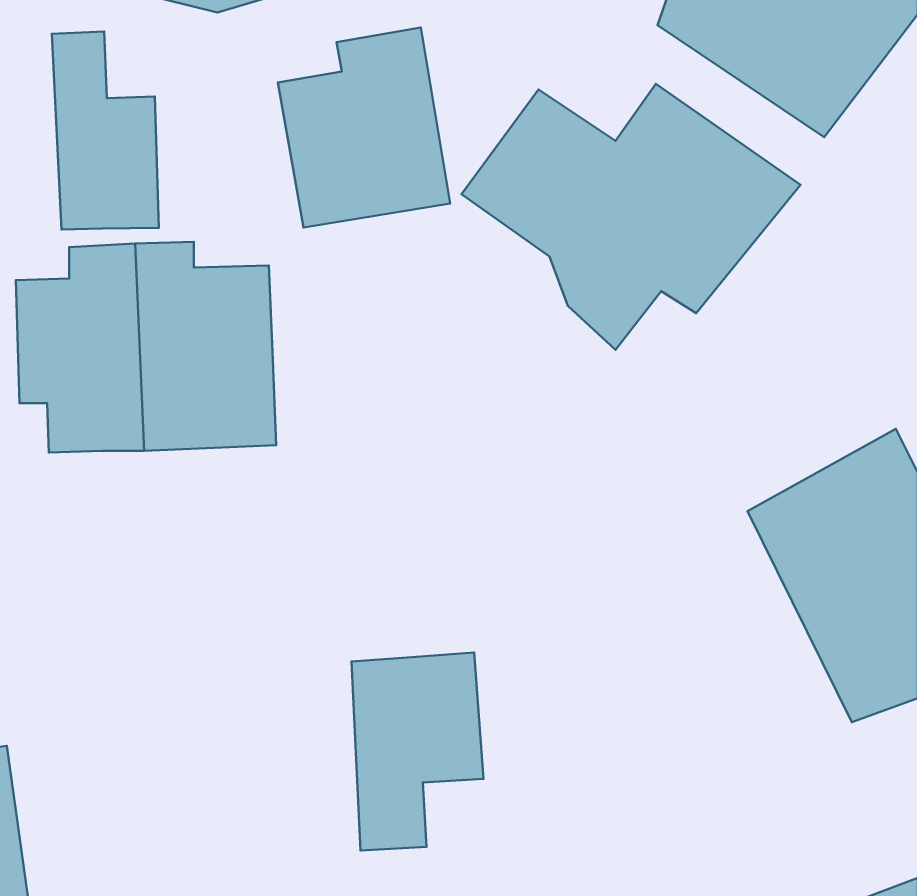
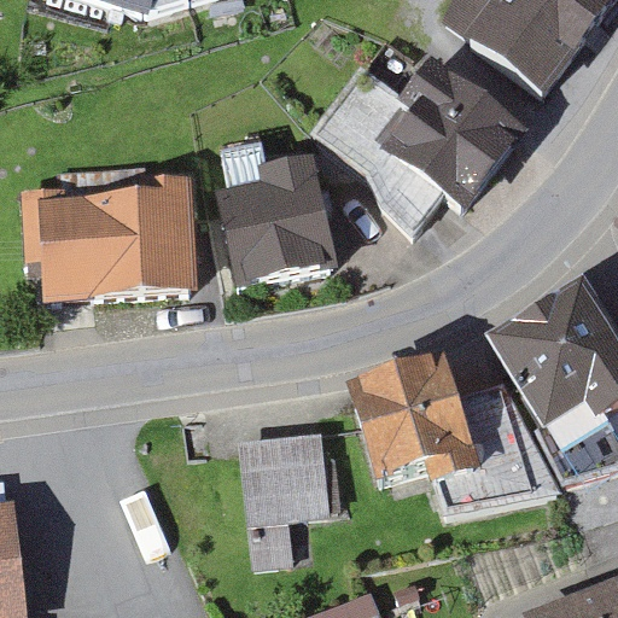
building: [278,28,450,227] -> [220,151,333,282]
building: [52,32,159,230] -> none
building: none -> [351,357,547,511]

